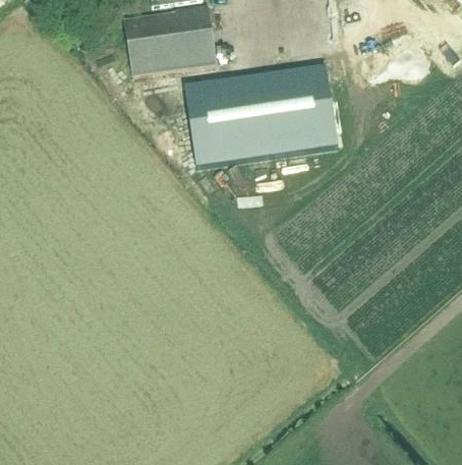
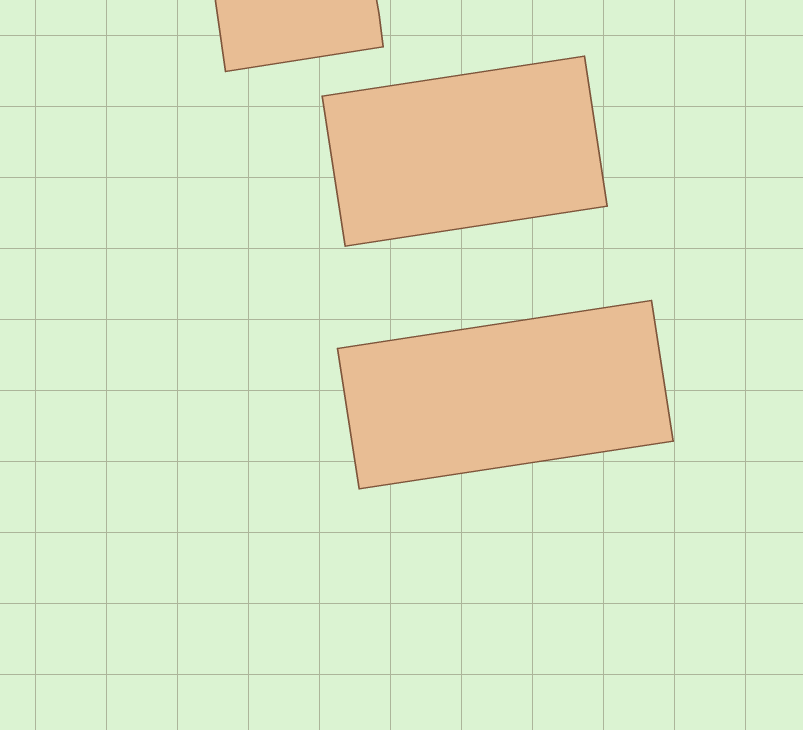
building: none -> [338,301,673,489]

